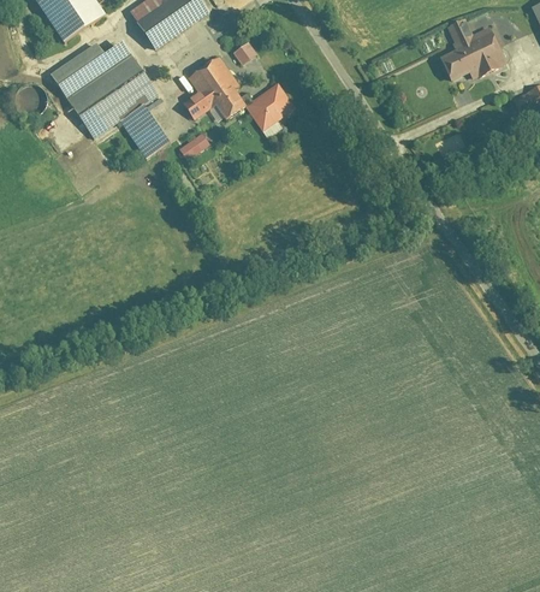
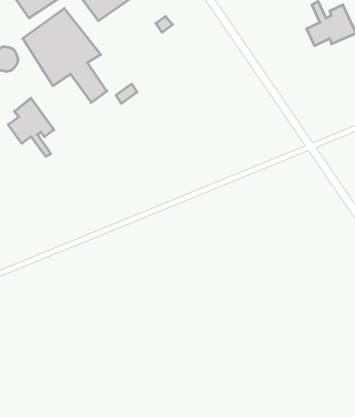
building: [182,57,295,136] -> none
building: none -> [8,98,54,156]

